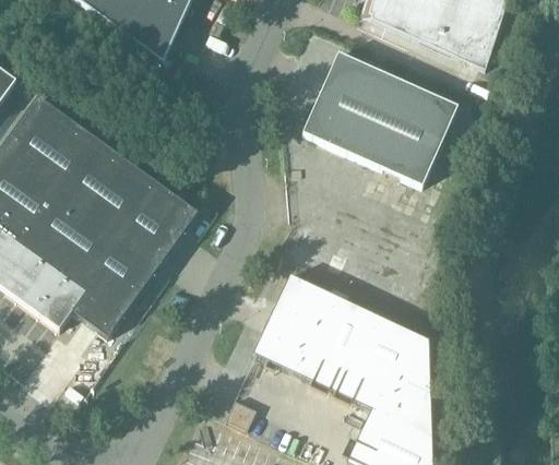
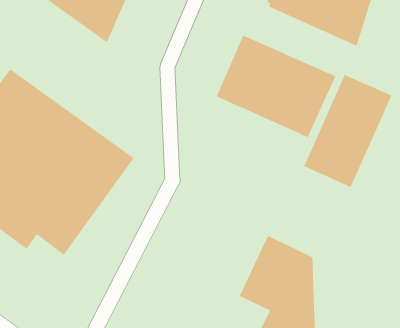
building: none -> [304,74,392,188]
building: [252,273,369,389] -> none

